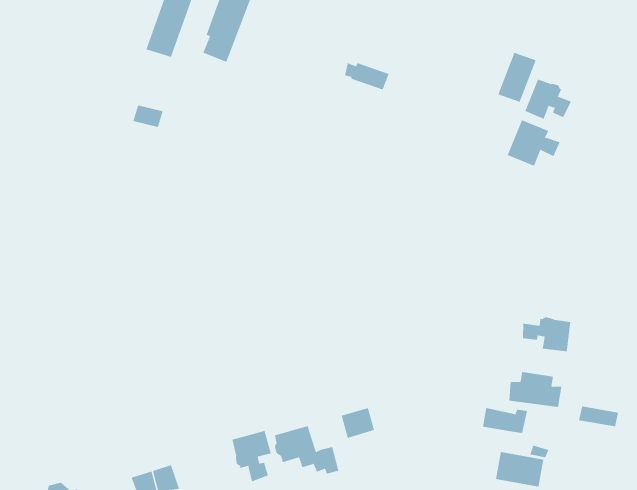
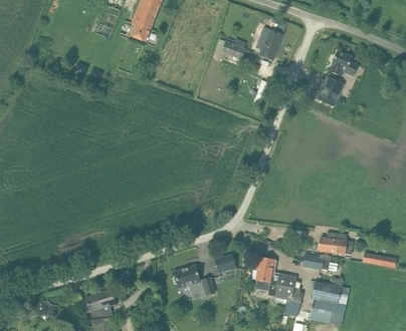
building: [497,52,537,103] -> [258,29,282,60]
building: [523,317,571,352] -> none
building: none -> [256,257,295,300]
building: [232,430,272,482] -> none

